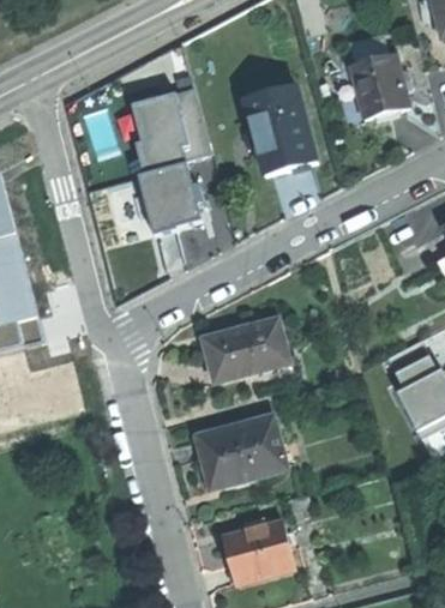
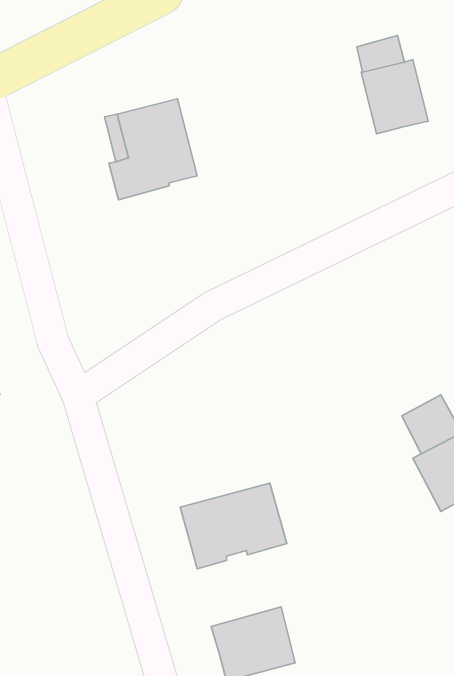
building: [243,84,313,169] -> none
building: [137,159,204,233] -> none
building: [200,315,288,380] -> none

